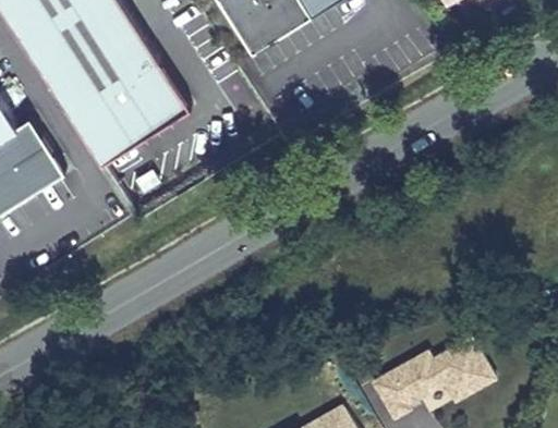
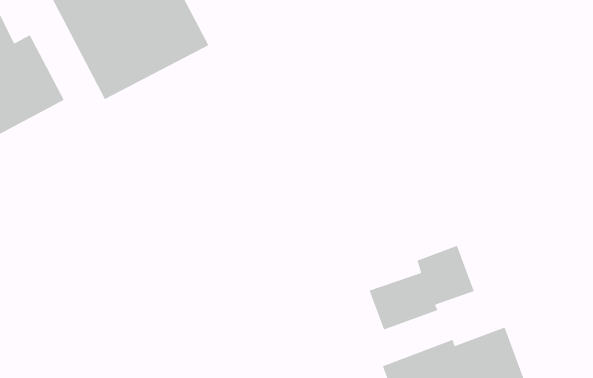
building: none -> [368,245,475,330]

